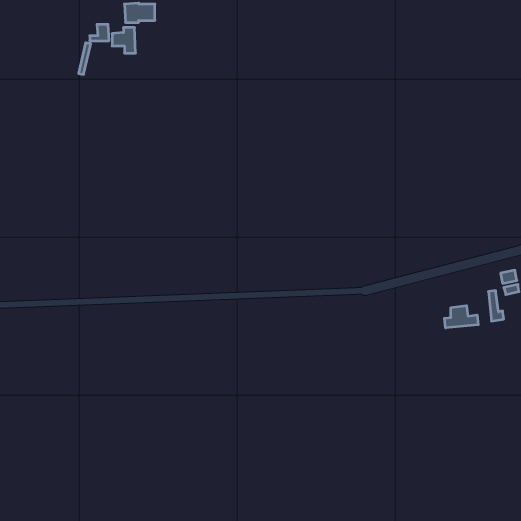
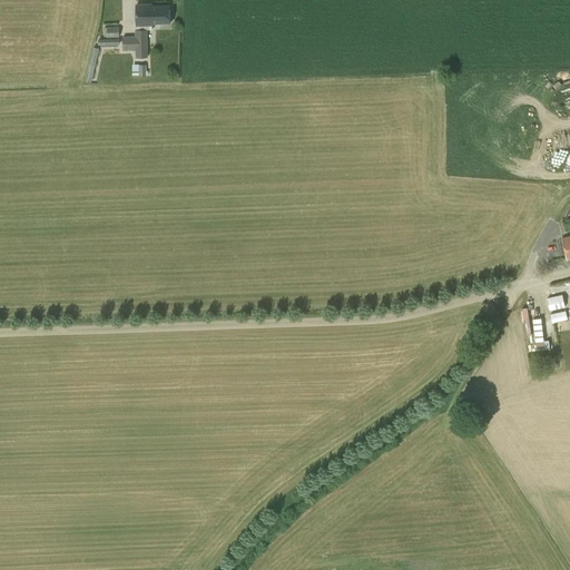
building: [444,306,478,328] -> none

